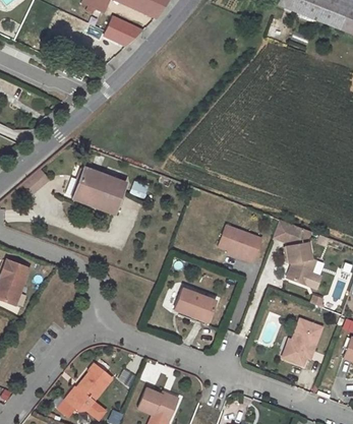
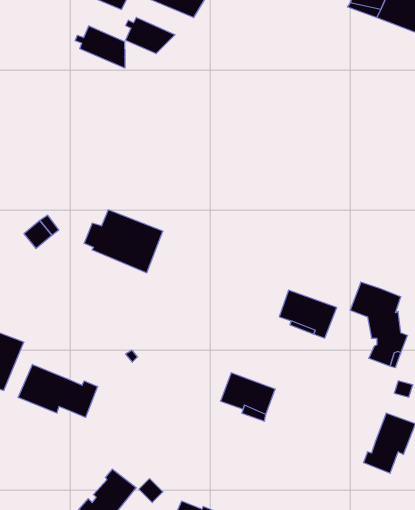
building: none -> [75,26,125,68]
building: none -> [18,364,98,417]

